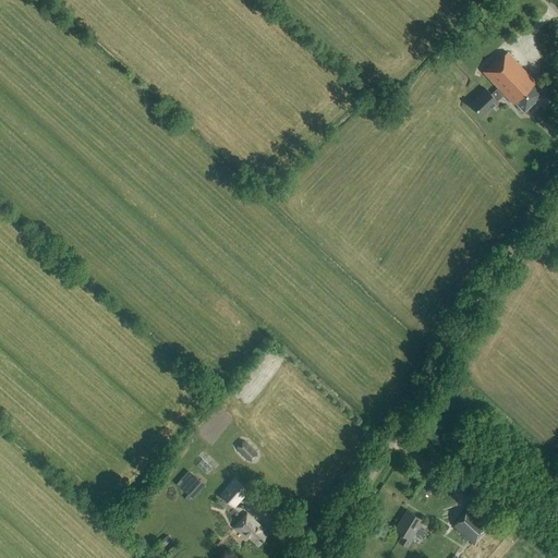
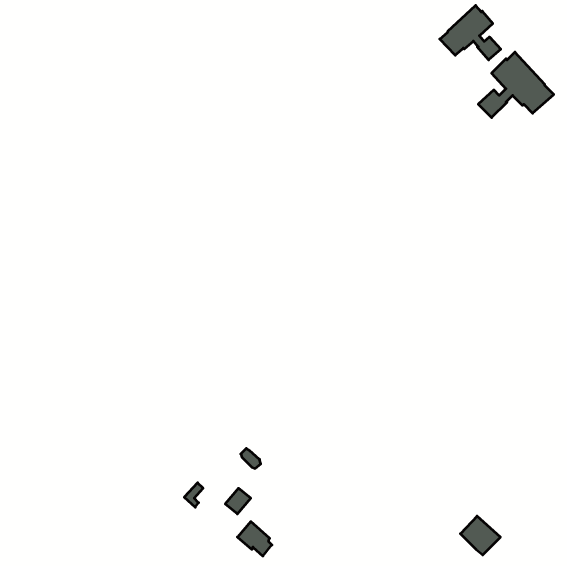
building: none -> [440,5,501,60]
building: [395,509,424,547] -> none

